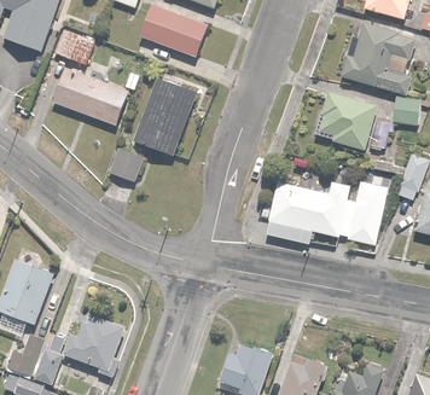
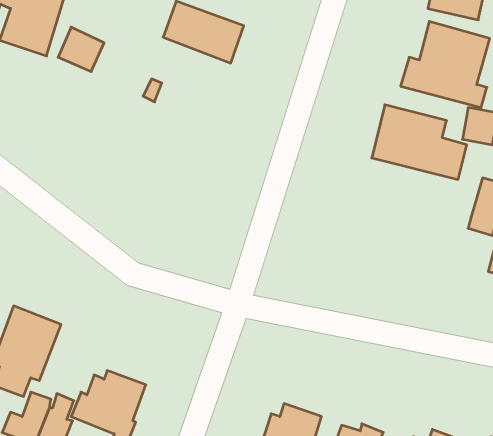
building: [53,65,129,126] -> none
building: [130,79,196,156] -> none
building: [105,147,144,181] -> none
building: [266,178,388,246] -> none

